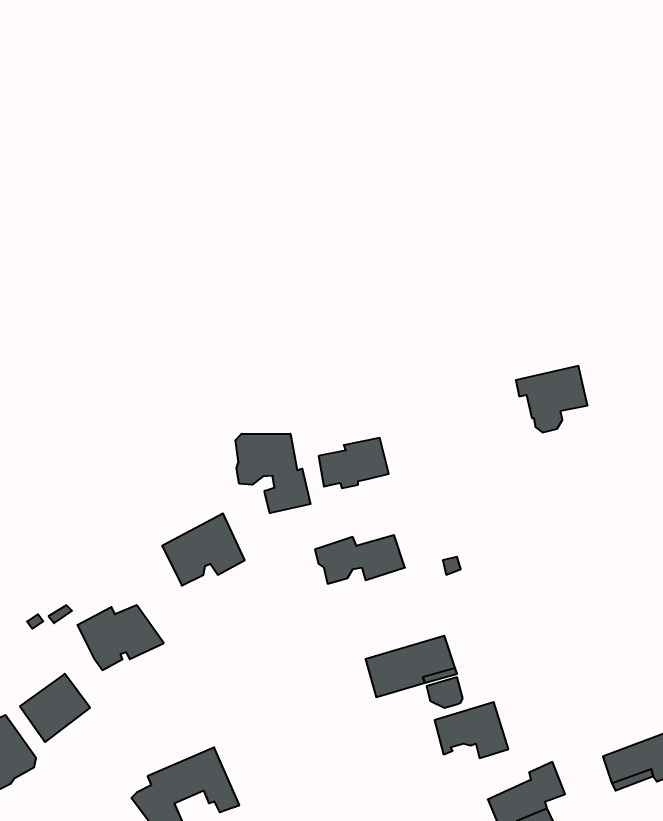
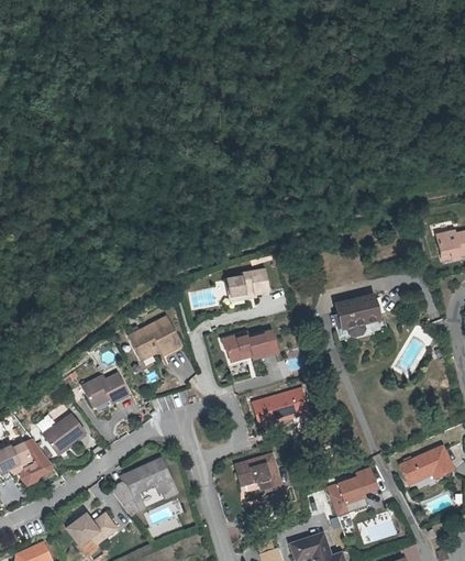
building: [516,366,588,432] -> [337,294,381,334]
building: [236,434,311,513] -> none
building: [435,702,508,758] -> [235,455,280,490]

